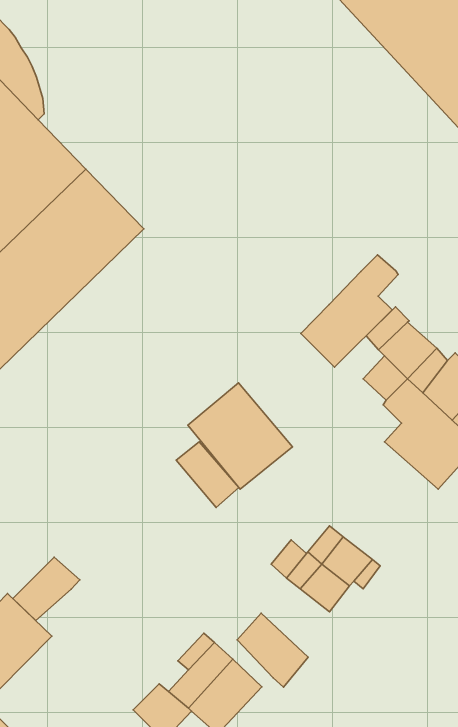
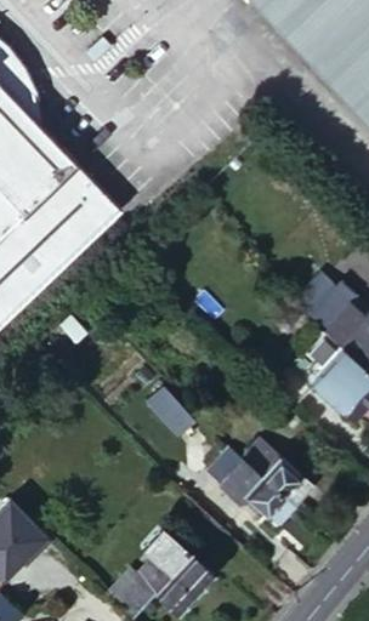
building: [301,255,398,367] -> none
building: [188,383,292,489] -> none
building: [13,557,80,620] -> none
building: [237,613,308,687] -> none

